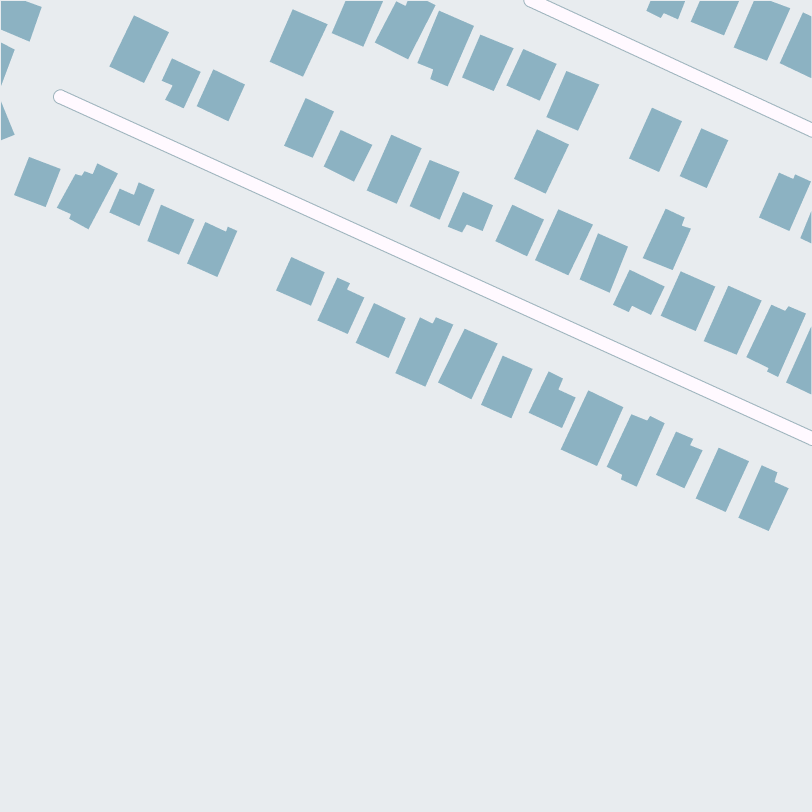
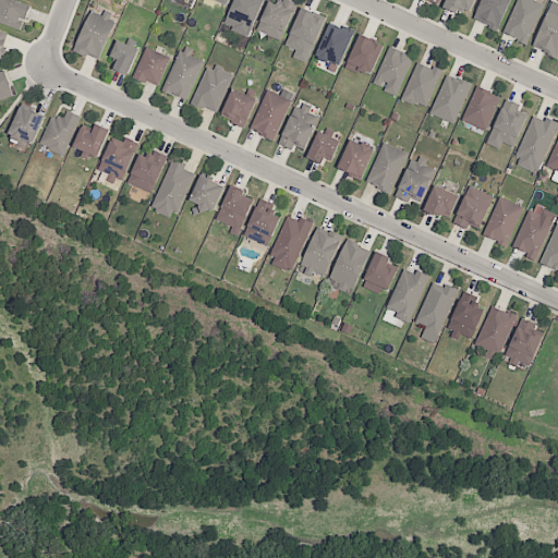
building: [268,8,329,78] -> [162,51,204,99]
building: [513,128,570,195] -> [401,60,440,106]
building: [641,208,692,271] -> [488,101,523,145]
building: none -> [154,162,194,211]

